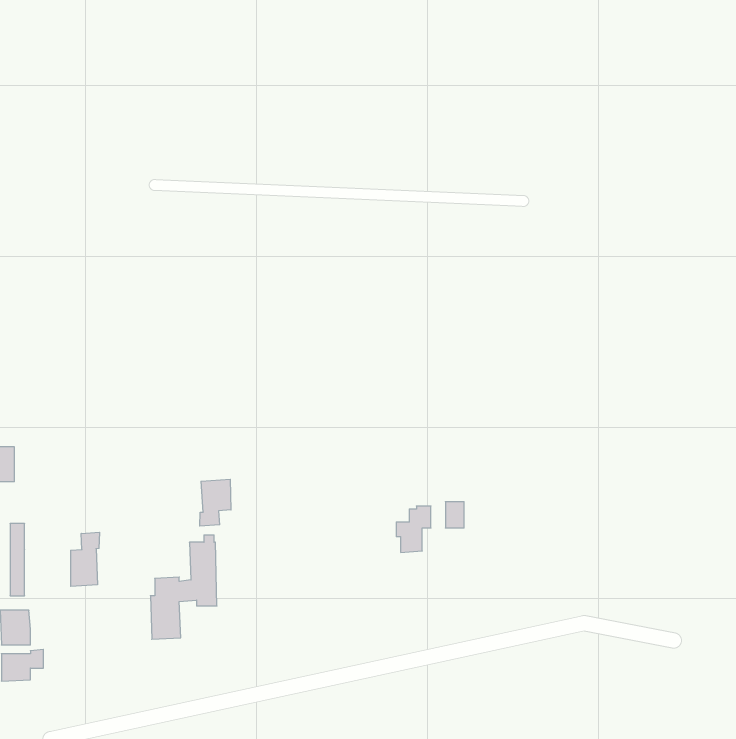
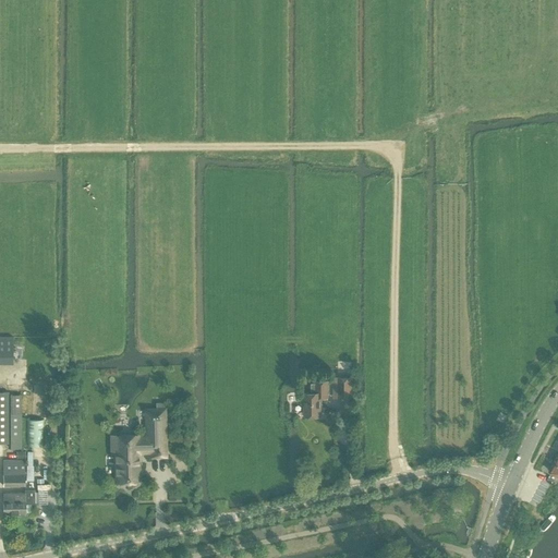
building: [200,479,231,526] -> none
building: [71,532,100,586] -> none

